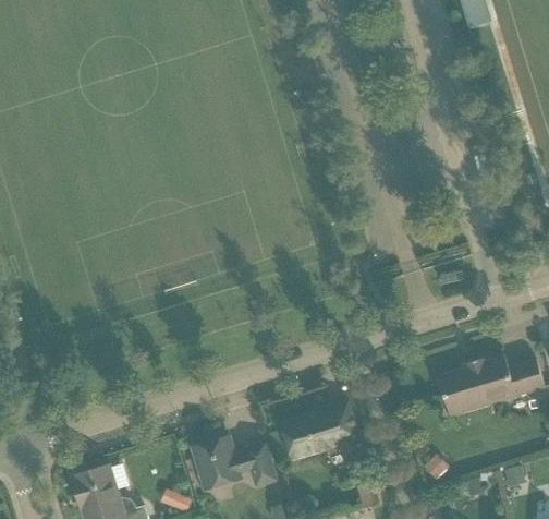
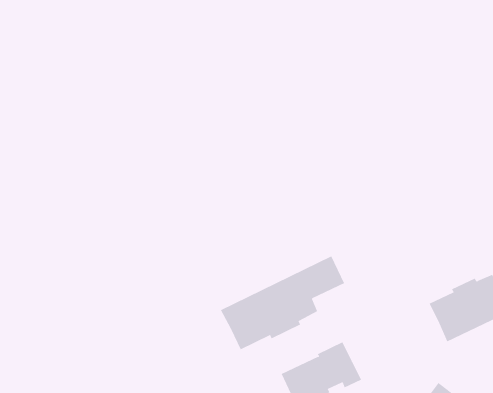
building: none -> [220,256,345,350]

